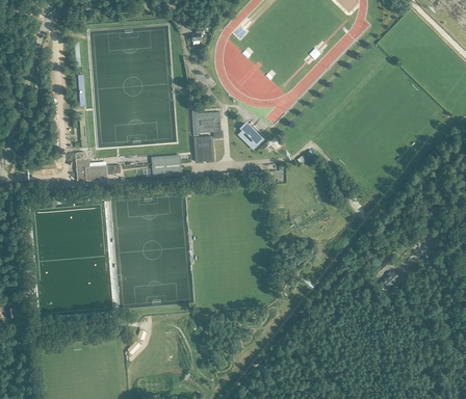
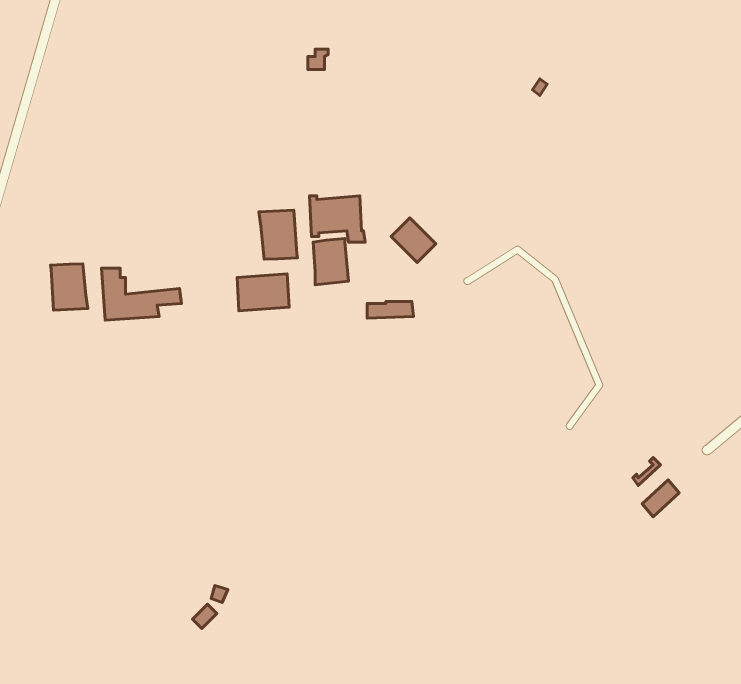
building: none -> [259,210,298,259]
building: none -> [50,264,88,310]

